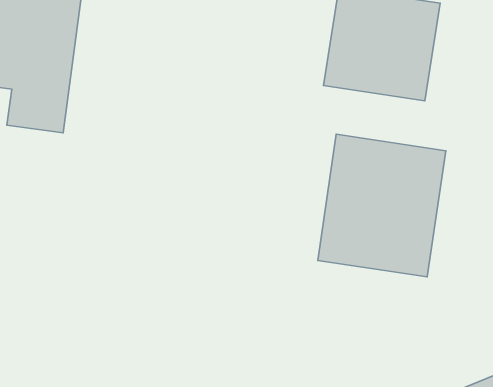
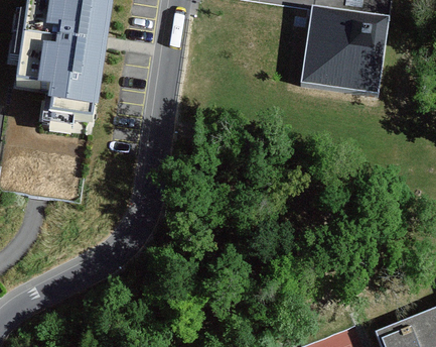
building: [318,134,446,277] -> none

